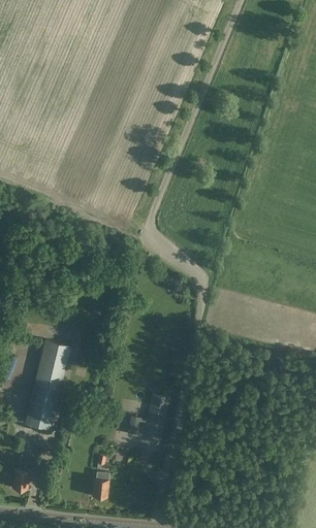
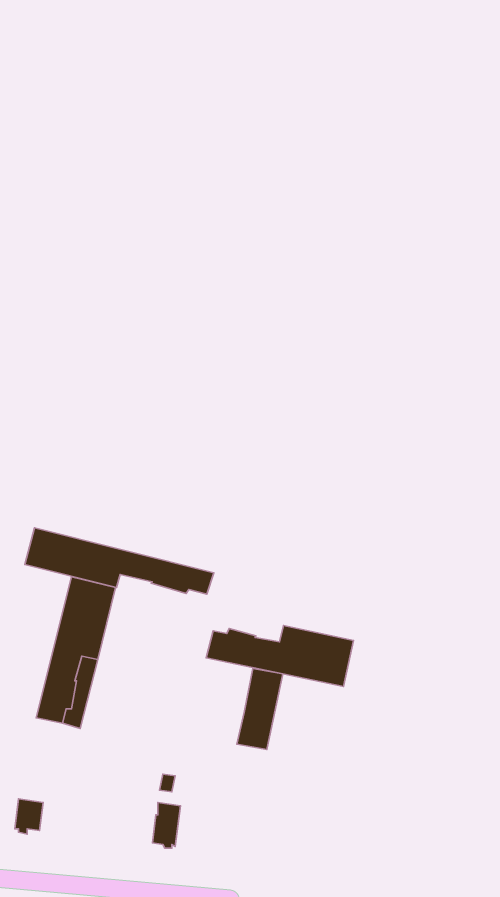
building: none -> [25,528,214,594]
building: none -> [206,625,353,686]

